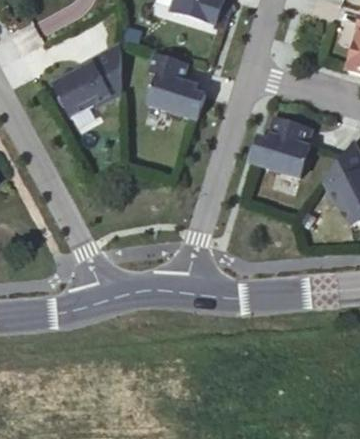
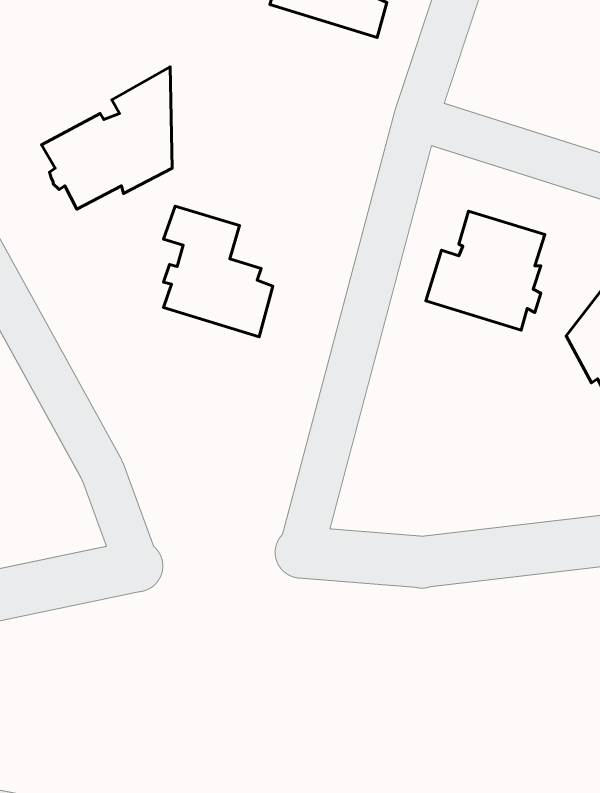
building: [148,54,204,121] -> [164,206,273,337]

